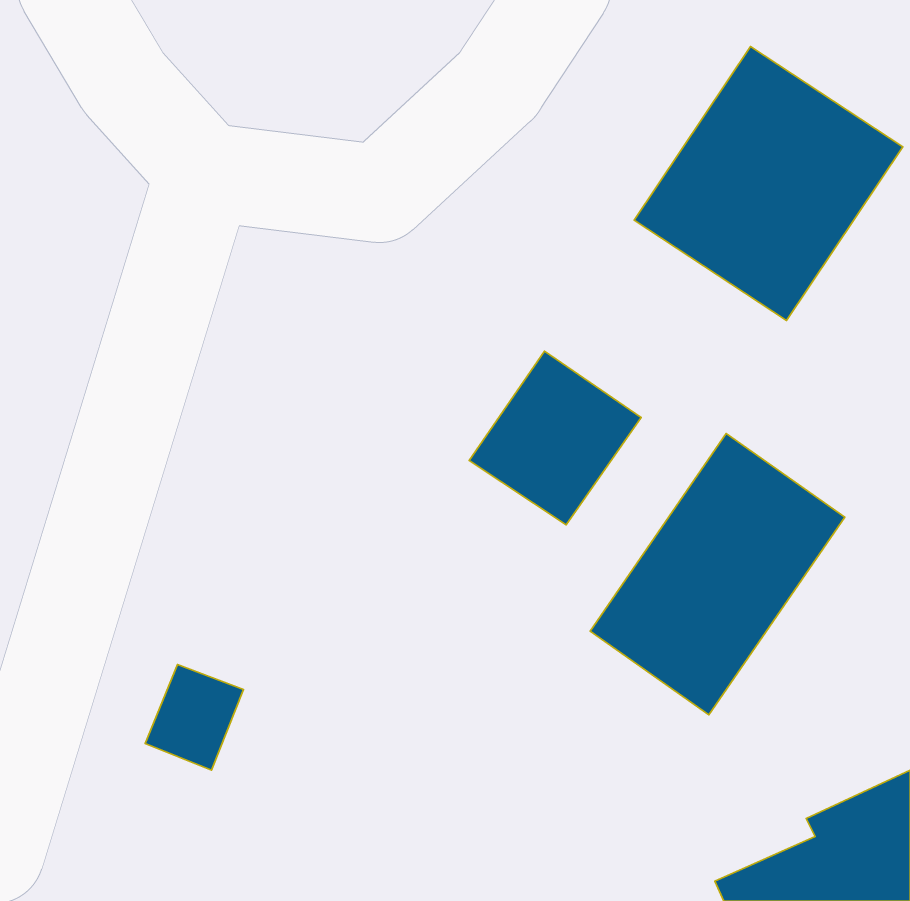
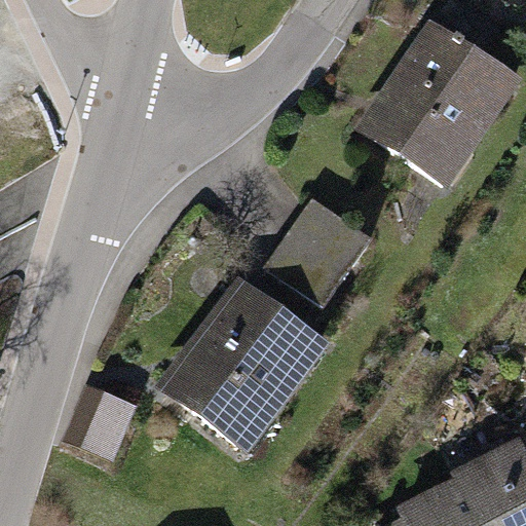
building: [590,434,845,715] -> none
building: none -> [160,278,326,449]

